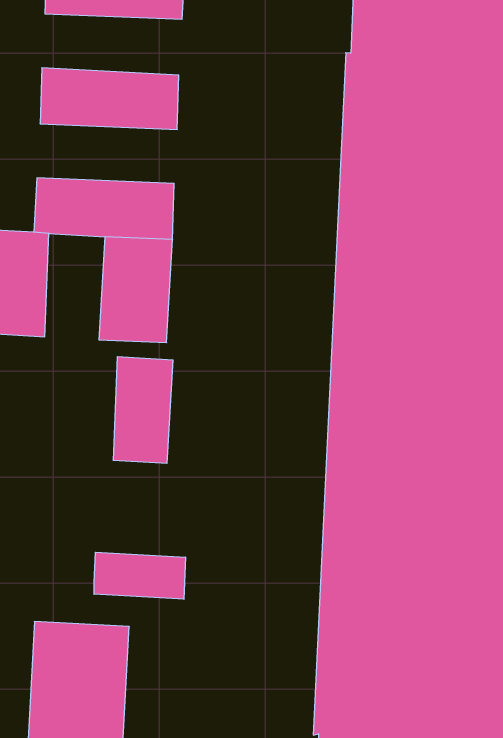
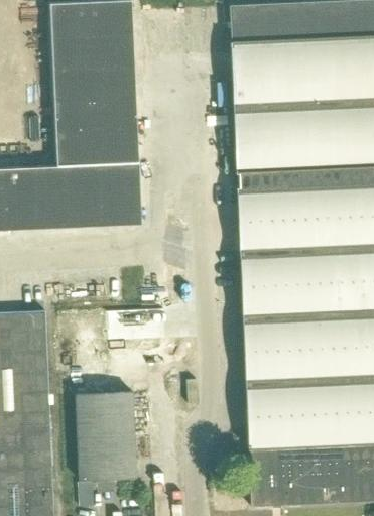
building: none -> [50,31,133,68]
building: none -> [53,97,136,133]
building: [113,357,173,463] -> [65,164,100,227]
building: [94,552,185,599] -> none

